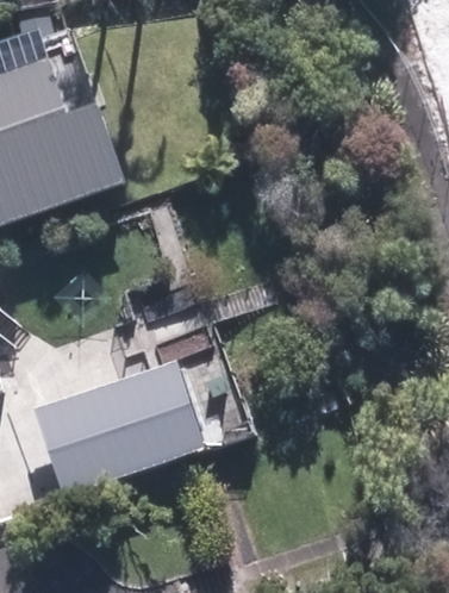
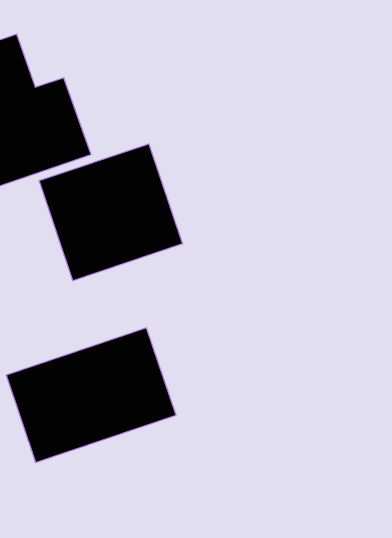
building: none -> [39,144,182,281]

